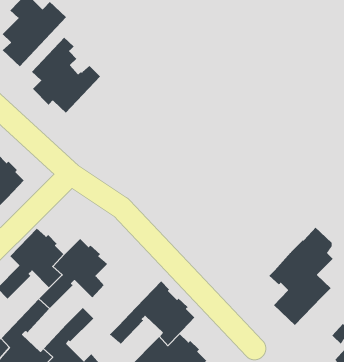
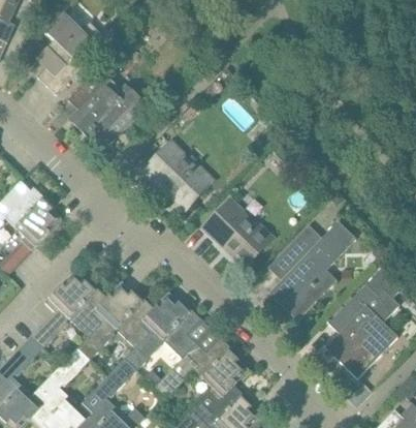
building: none -> [142,142,214,210]
building: none -> [201,200,273,268]
building: none -> [268,221,356,320]
building: none -> [125,293,211,370]

